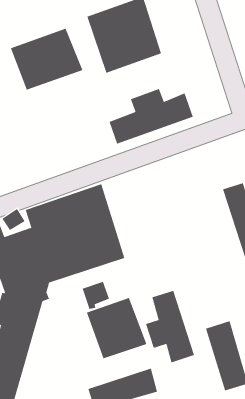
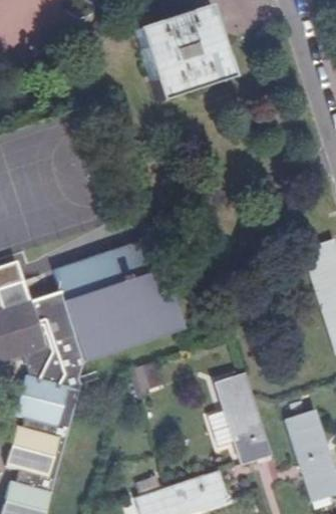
building: [10,28,83,91] -> none
building: [109,88,193,144] -> none
building: [86,297,147,359] -> none

